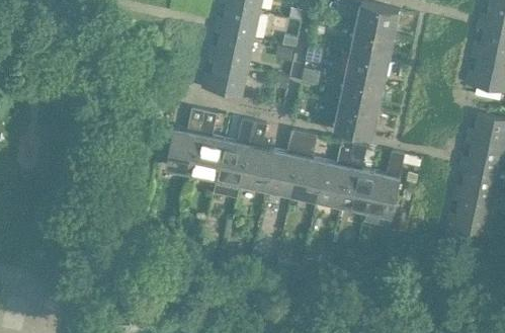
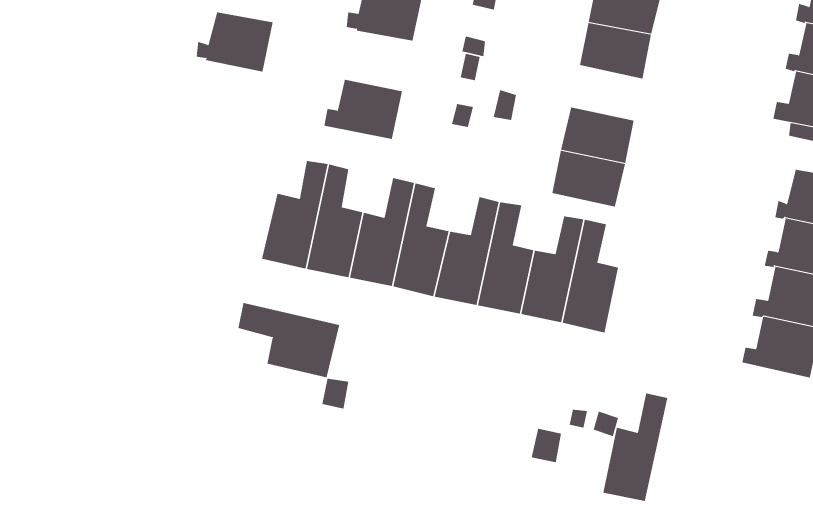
building: [207,34,253,70] -> [196,12,274,72]
building: [345,55,388,87] -> none
building: [365,153,404,217] -> [602,393,668,502]
building: none -> [238,302,340,378]

